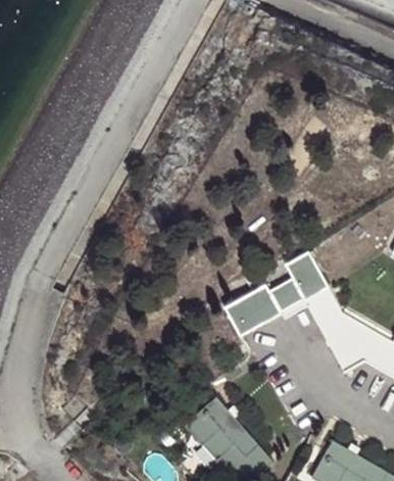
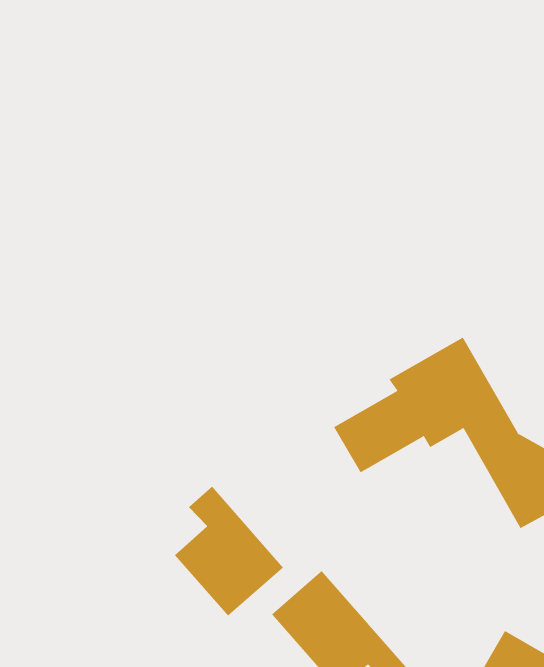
building: none -> [174,486,284,617]

